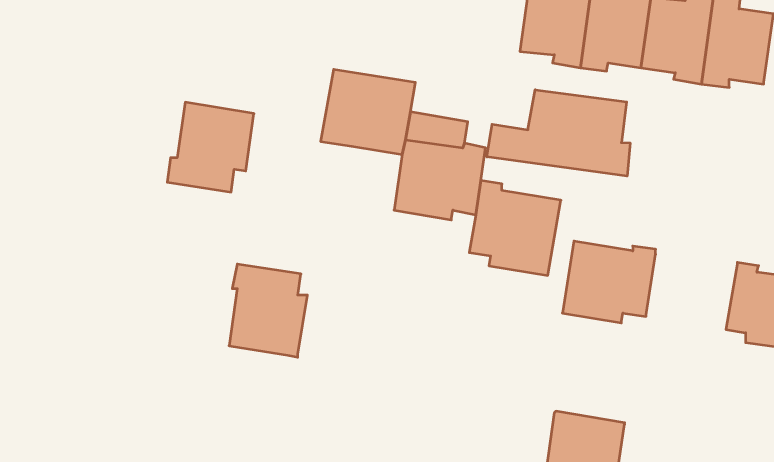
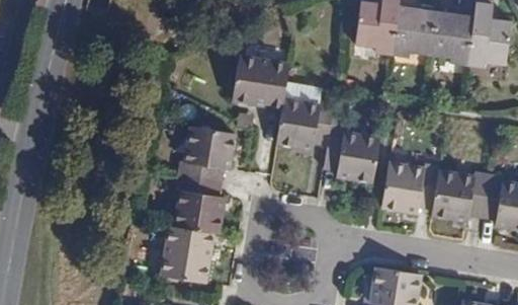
building: [487,90,630,176] -> none
building: [167,102,254,192] -> [180,127,234,182]
building: none -> [432,170,490,220]
building: none -> [162,226,212,283]

